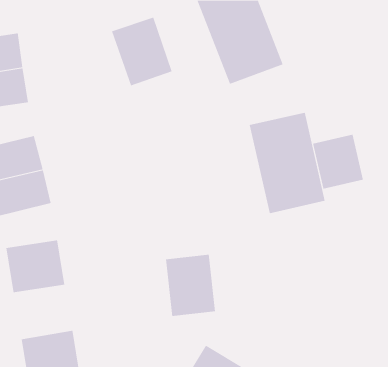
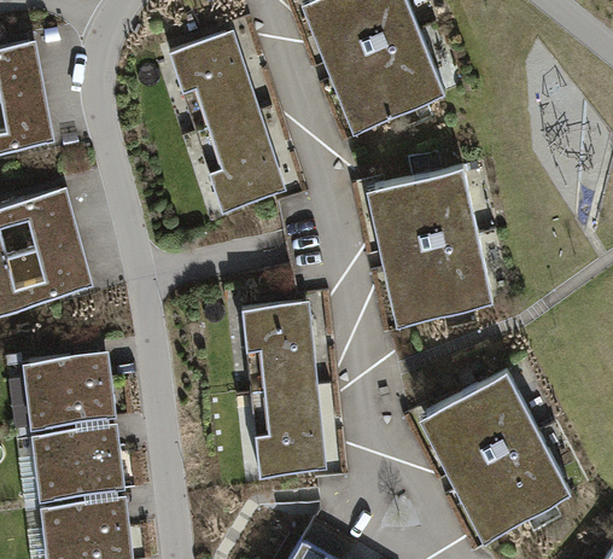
building: none -> [202,110,292,212]
building: [312,134,364,190] -> none
building: none -> [244,296,320,390]
building: none -> [425,374,568,536]
building: none -> [25,429,116,509]

